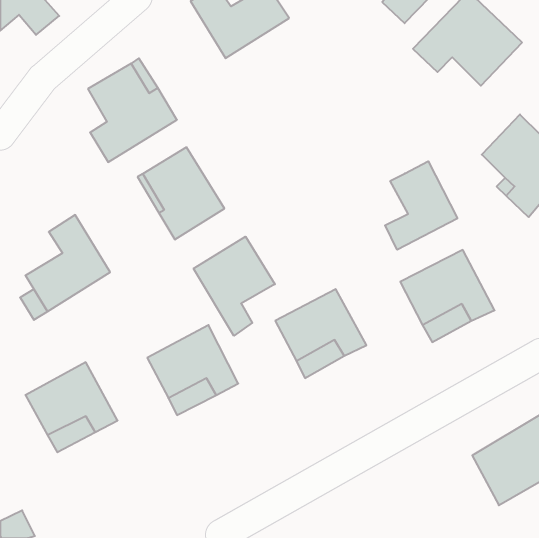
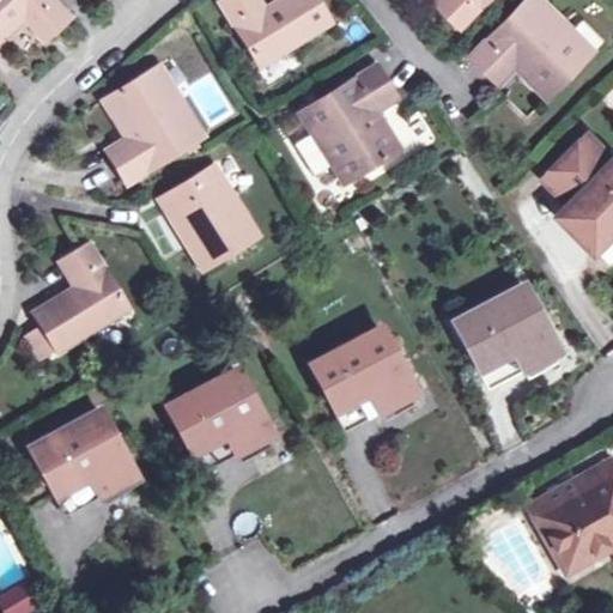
building: none -> [297,62,400,183]
building: [385,161,457,250] -> none
building: [194,237,275,336] -> none

